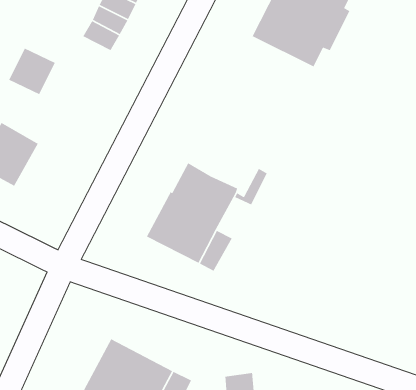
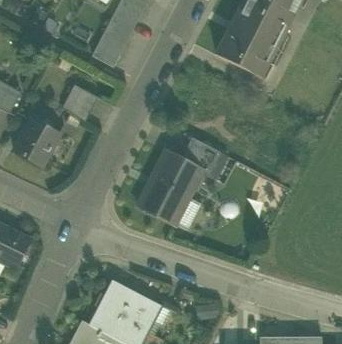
building: [8,48,56,95] -> [63,82,98,117]
building: none -> [186,139,221,173]

